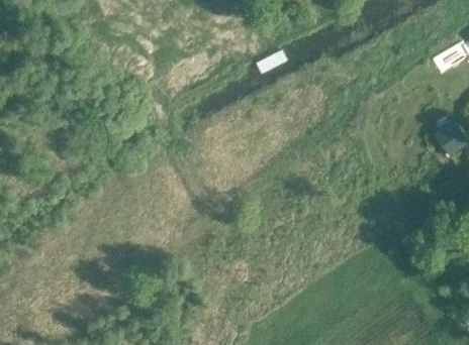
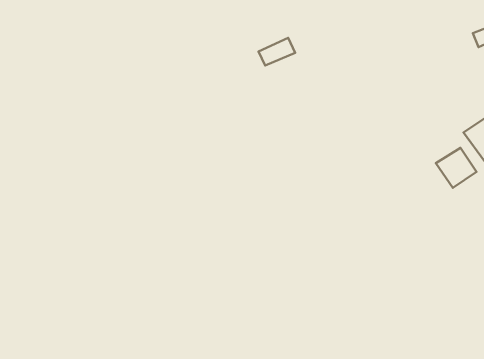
building: none -> [436,148,476,188]

